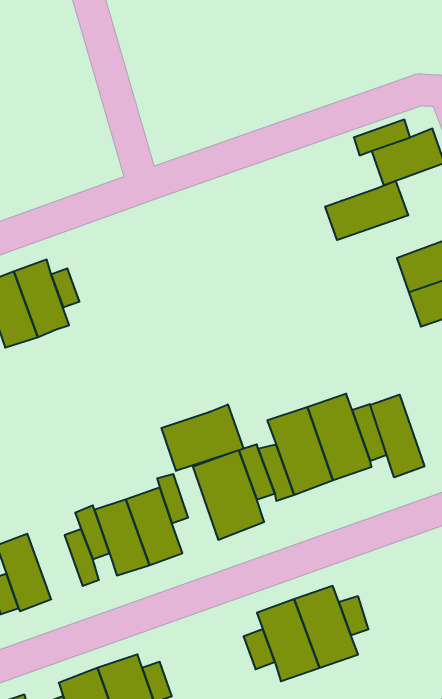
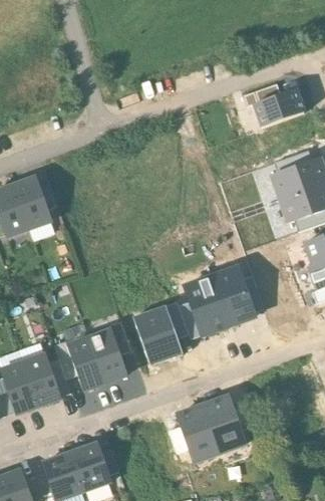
building: [325,181,408,240] -> none
building: [370,395,424,477] -> none
building: [161,404,244,471] -> none
building: none -> [22,354,59,406]

